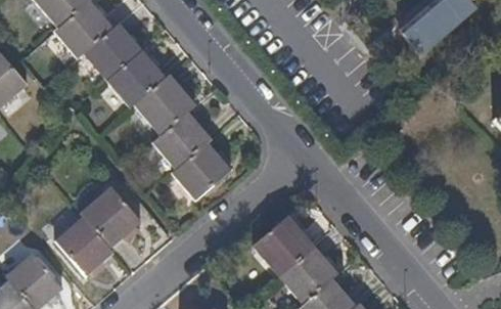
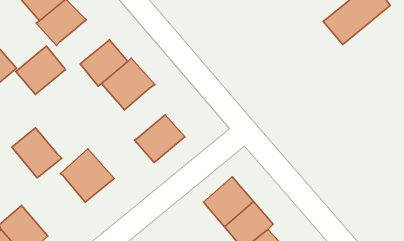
building: [82,23,141,81] -> [16,46,65,95]
building: [152,109,214,169] -> none
building: [57,215,118,275] -> [12,128,62,178]

